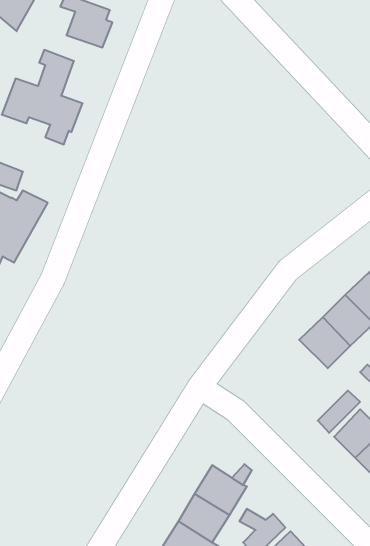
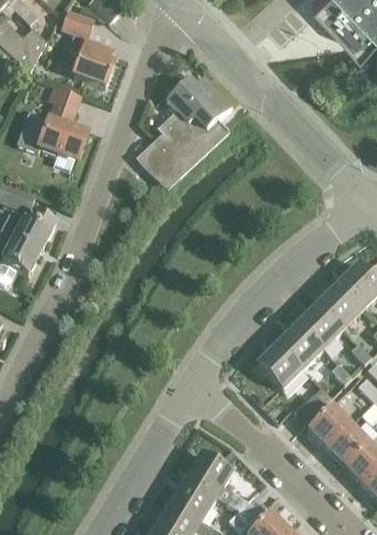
building: none -> [137,77,231,187]
building: none -> [256,341,302,387]

